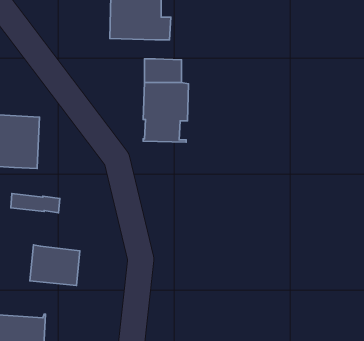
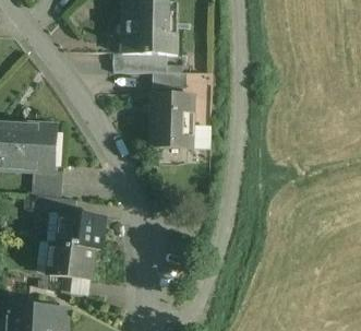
building: none -> [113,51,163,71]
building: none -> [32,169,62,197]
building: none -> [58,209,105,246]

